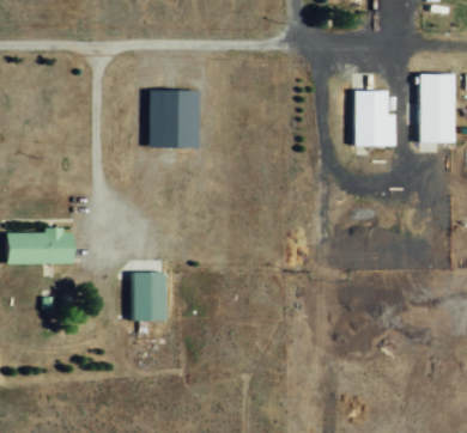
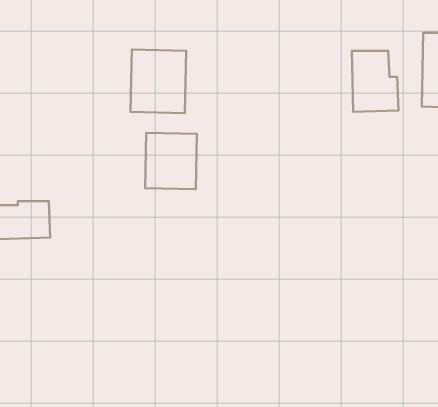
building: none -> [145,133,197,189]
building: [132,273,166,322] -> none

